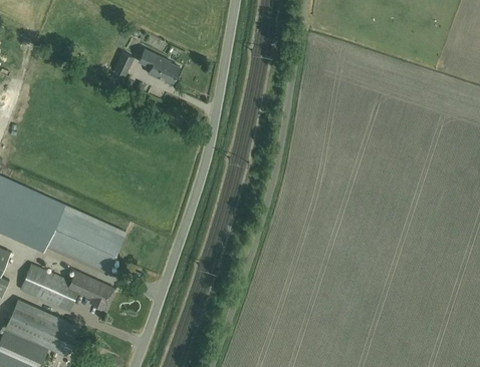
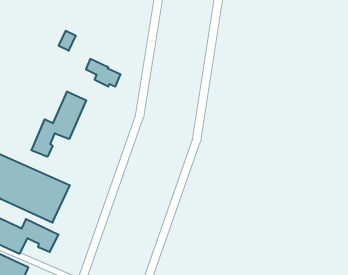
building: [139,49,179,81] -> [86,59,121,87]
building: none -> [31,91,86,157]

